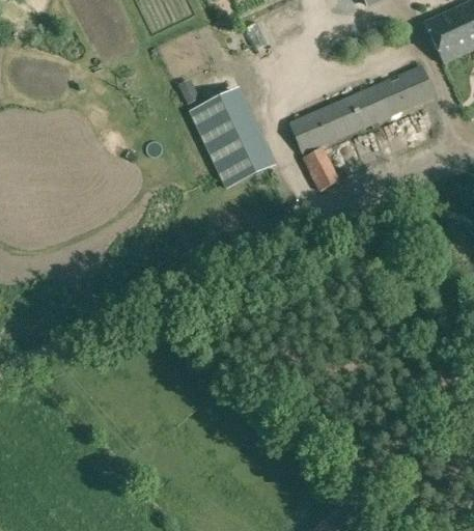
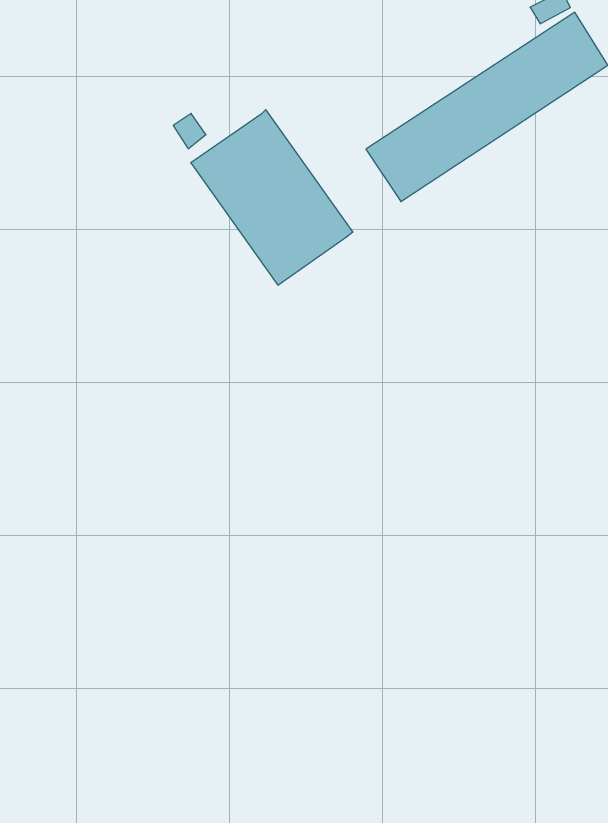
building: [303,145,341,190] -> none

